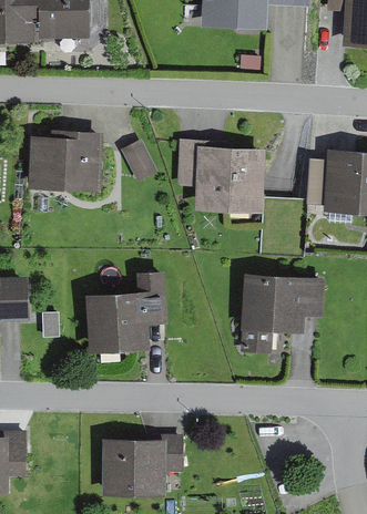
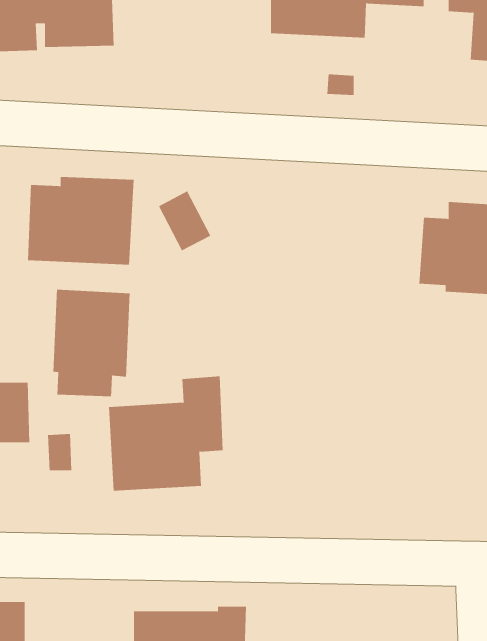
building: [177,140,266,213] -> none
building: none -> [53,289,130,397]
building: [238,274,325,356] -> none

